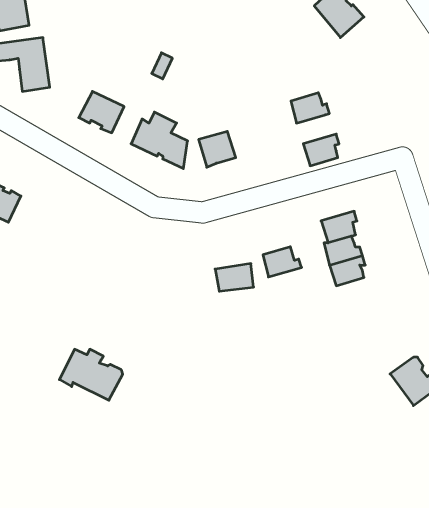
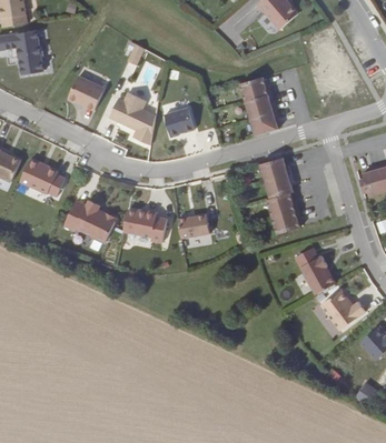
building: none -> [244,94,276,118]
building: none -> [21,160,66,195]
building: [263,247,302,277] -> [259,155,290,180]
building: none -> [123,209,167,241]
building: none -> [294,246,334,293]
building: [59,349,123,400] -> [65,200,116,241]

